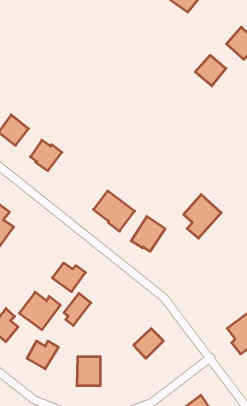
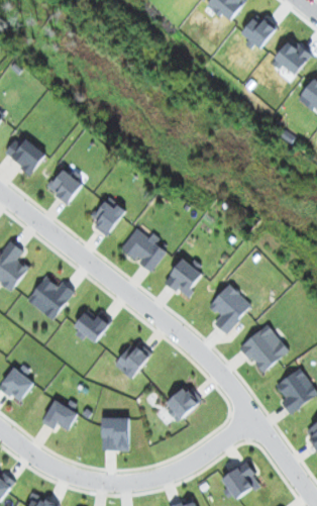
building: [195,55,226,86] -> [240,13,276,48]
building: none -> [90,198,124,236]
building: [184,194,221,238] -> [208,283,251,333]
building: none -> [239,324,289,373]
building: [19,292,60,330] -> [26,276,74,319]
building: [64,293,91,326] -> [120,341,151,379]

